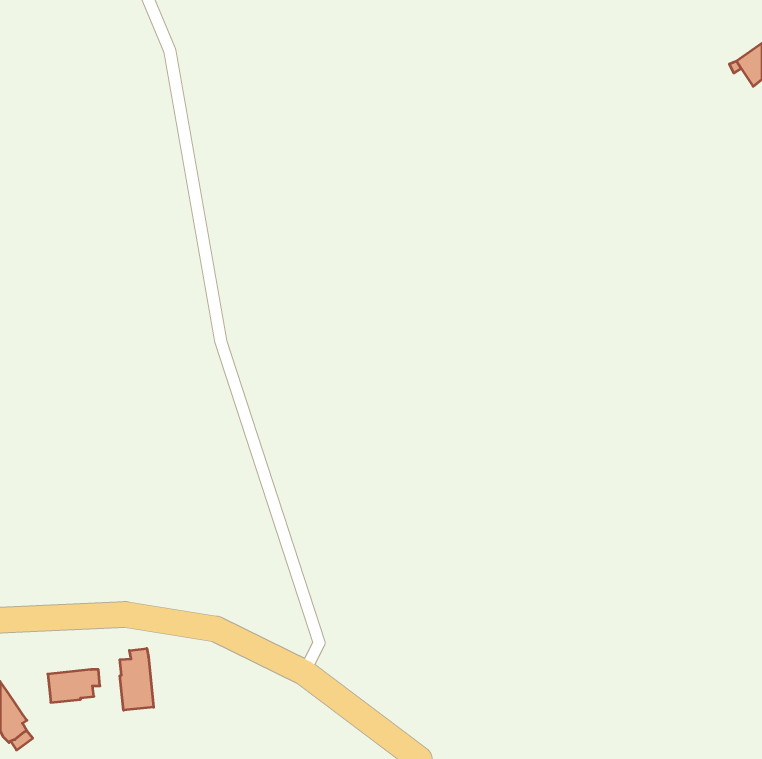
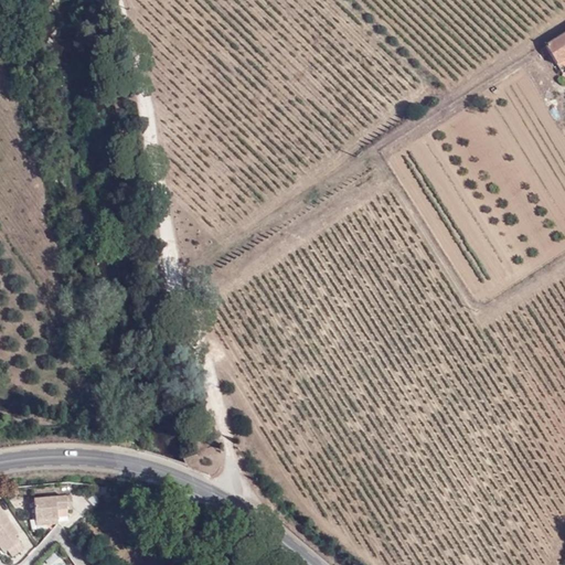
building: [120,648,154,710] -> none

